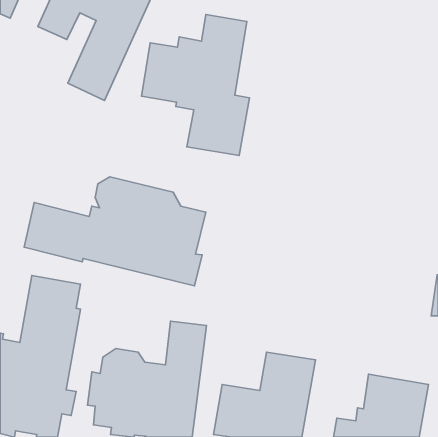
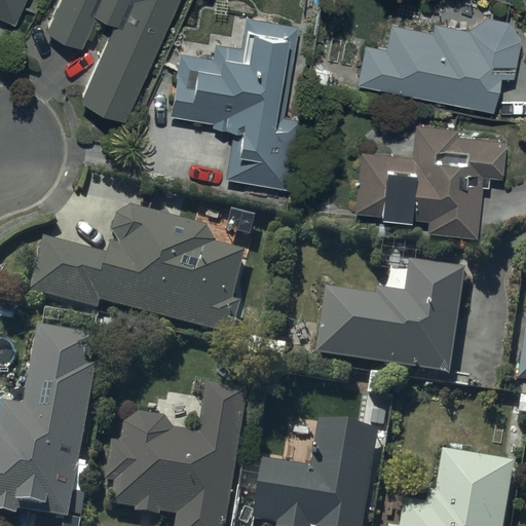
building: none -> [356,22,519,108]
building: none -> [352,124,503,234]
building: none -> [316,260,462,372]

